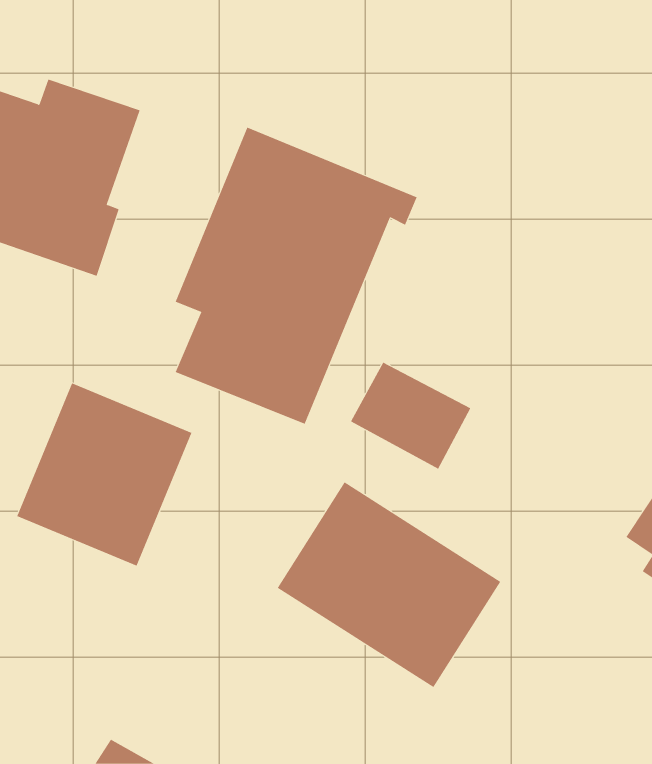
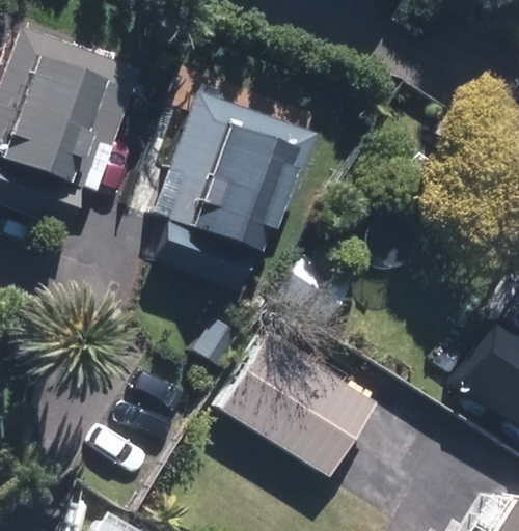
building: [16,382,192,567] -> none

